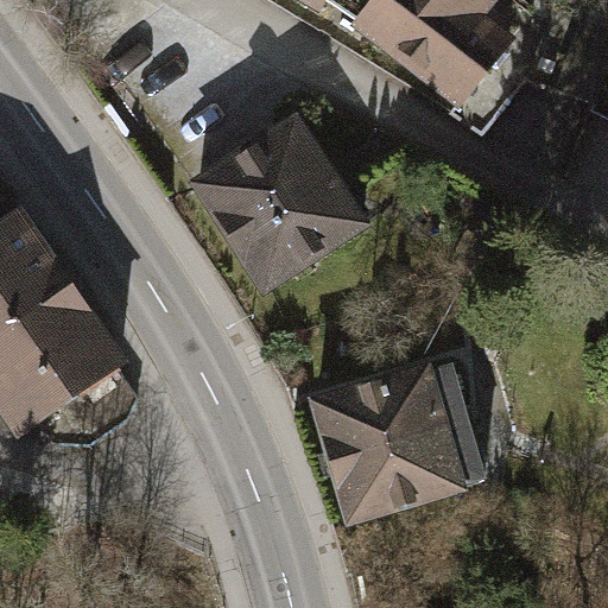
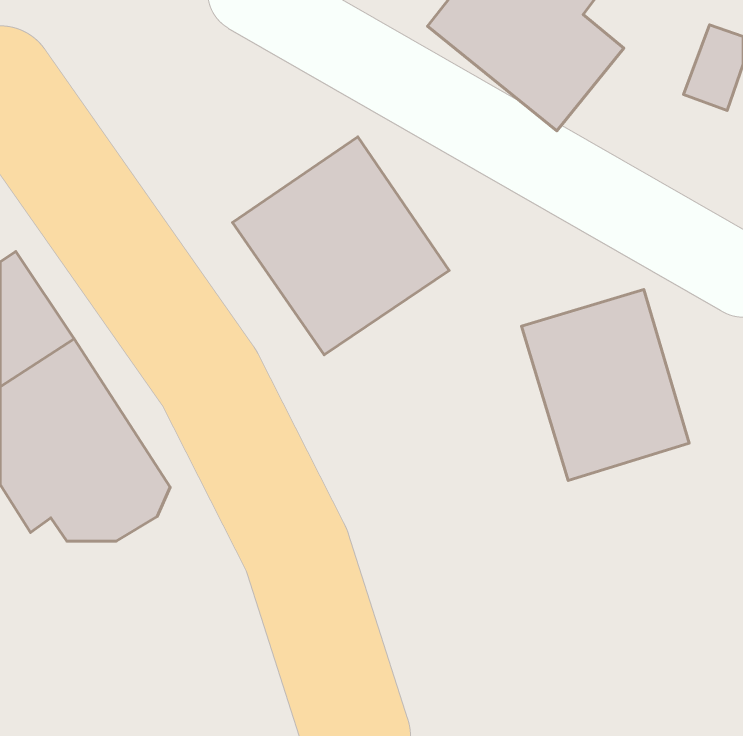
building: none -> [522,290,689,481]
building: [314,353,484,514] -> none

